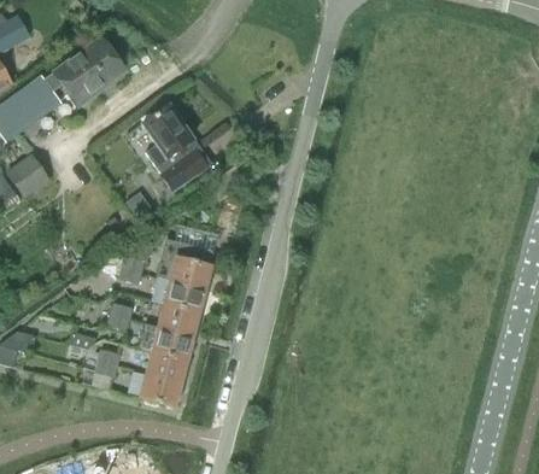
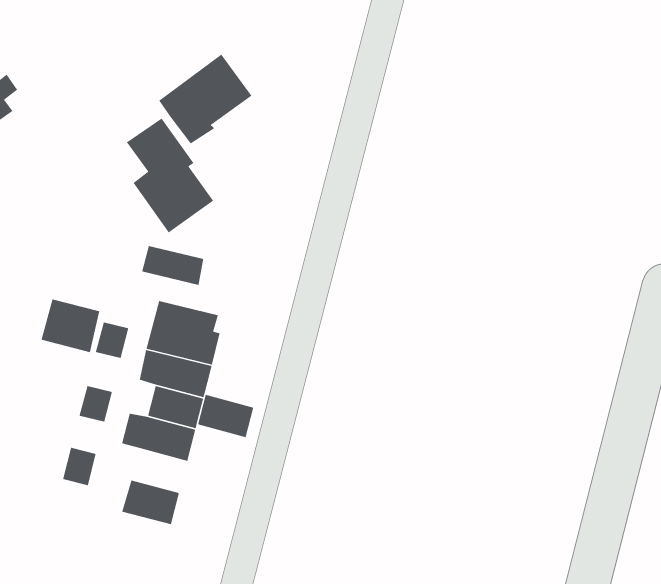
building: [54,39,124,106] -> [158,53,253,145]
building: none -> [141,245,204,286]
building: none -> [41,299,100,353]
building: [146,351,188,384] -> [197,394,254,438]

